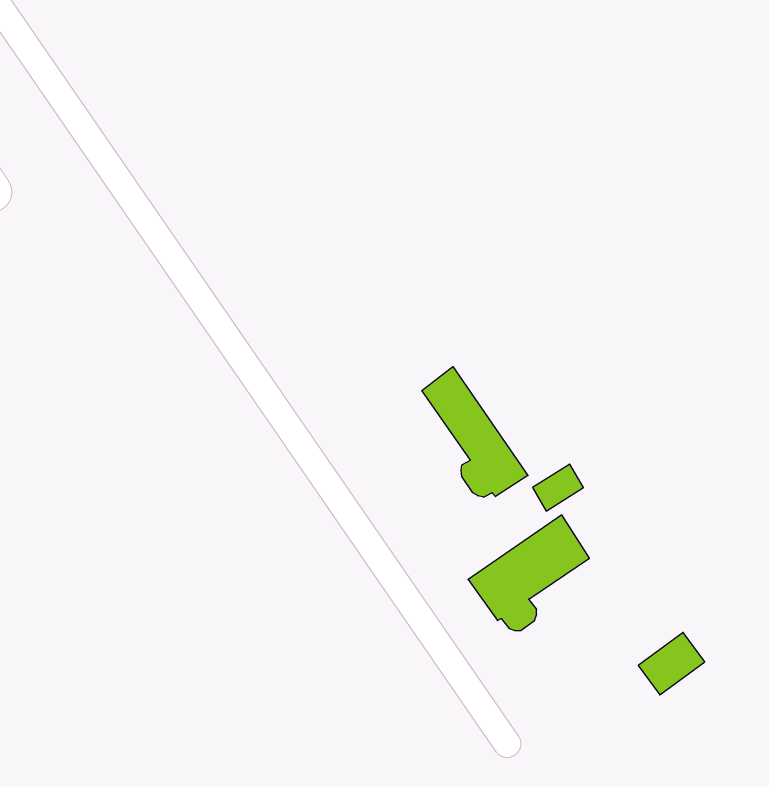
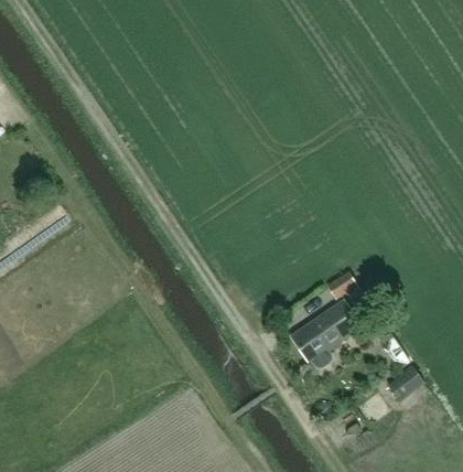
building: [422,367,528,497] -> none

